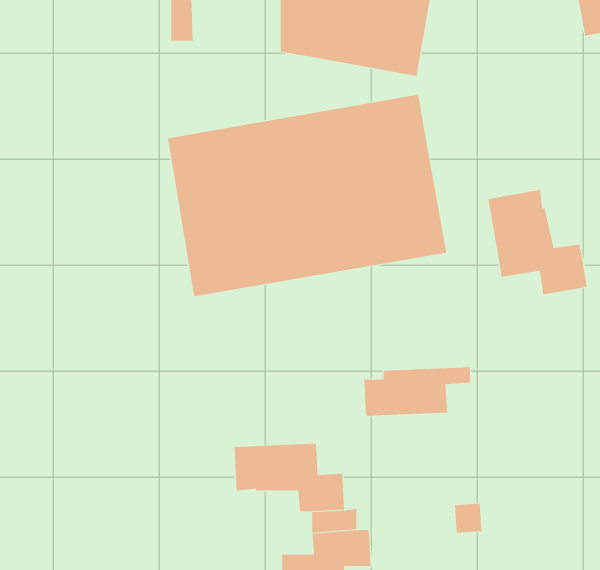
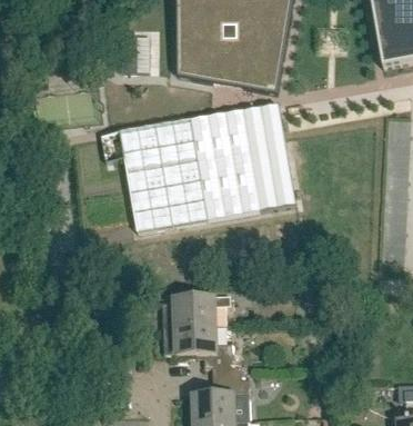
building: [488,189,587,295] -> none
building: [364,367,471,416] -> [160,294,228,325]

